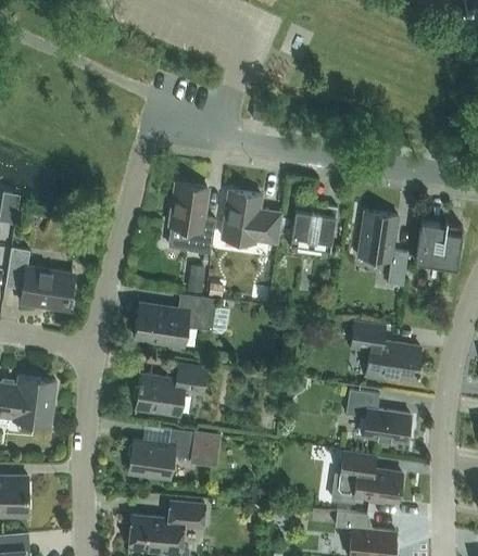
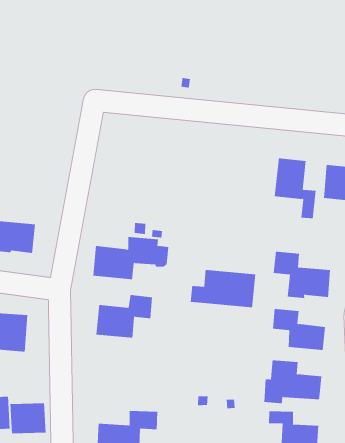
building: [168,184,216,254] -> none
building: [223,191,281,243] -> none
building: [290,205,338,253] -> none
building: none -> [190,269,256,308]
building: [129,429,223,478] -> none
building: none -> [10,402,46,434]

